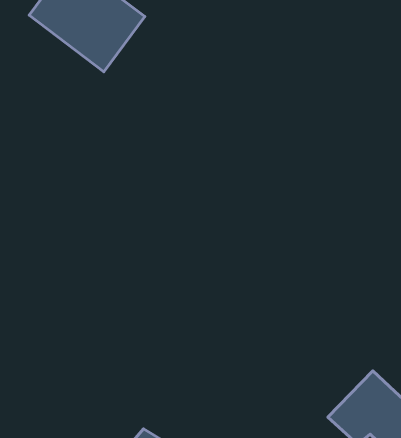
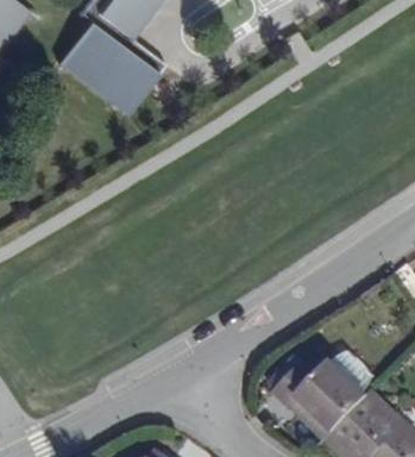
building: none -> [287,359,378,434]

